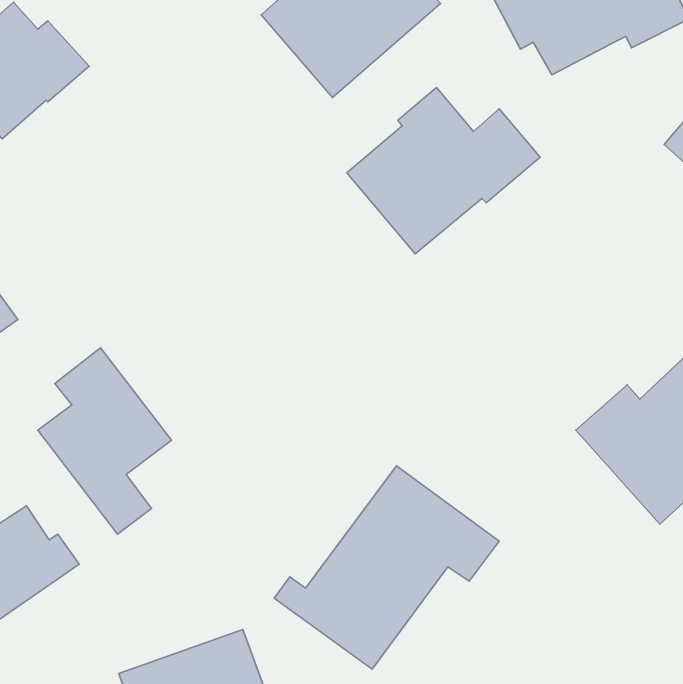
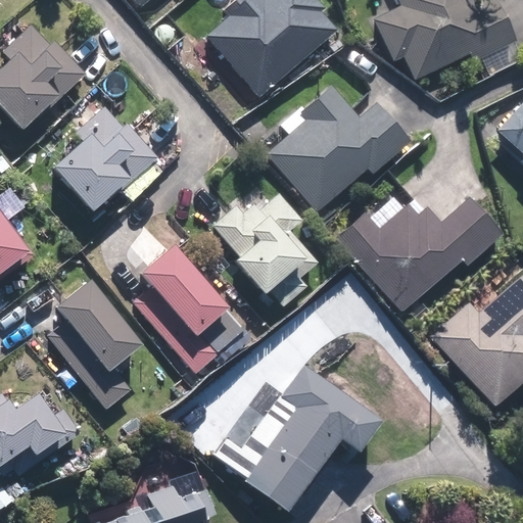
building: none -> [55,109,157,209]
building: none -> [215,196,317,298]
building: none -> [337,196,502,312]
building: none -> [137,244,228,372]

